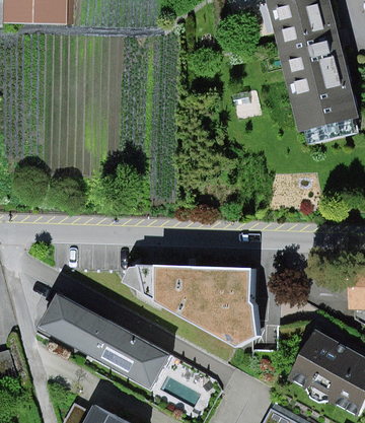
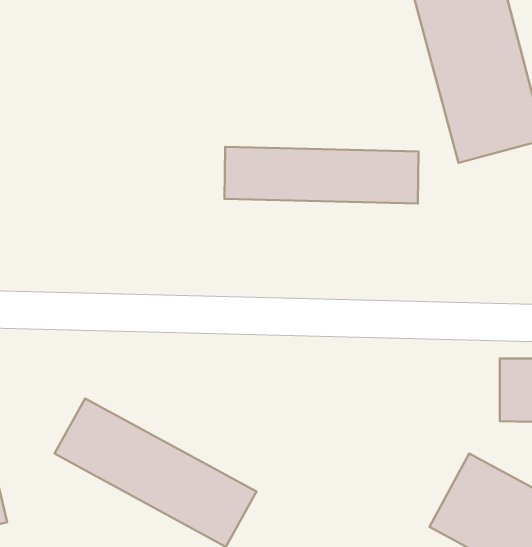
building: none -> [224,147,418,203]
building: [125,266,265,347] -> none

